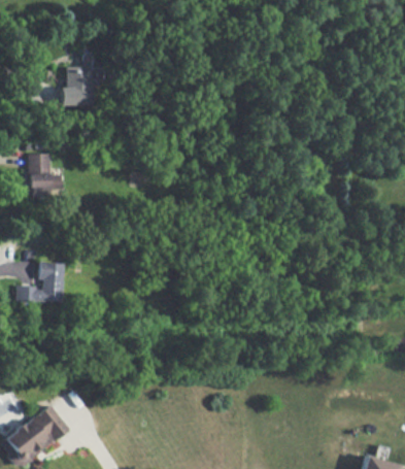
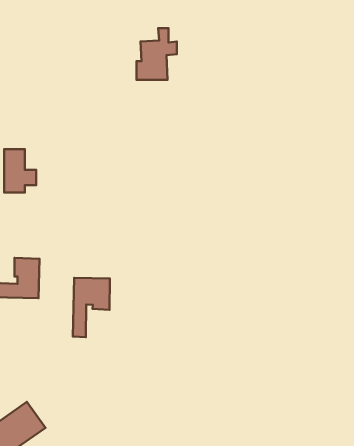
building: [61,53,101,104] -> [136,28,177,80]
building: none -> [73,278,110,337]

